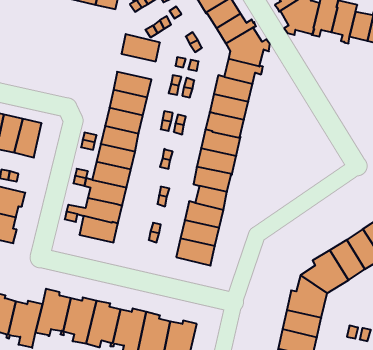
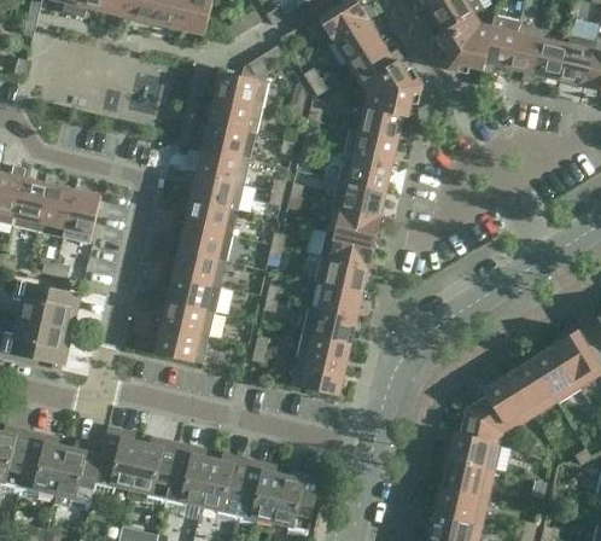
building: none -> [208,97,262,133]

